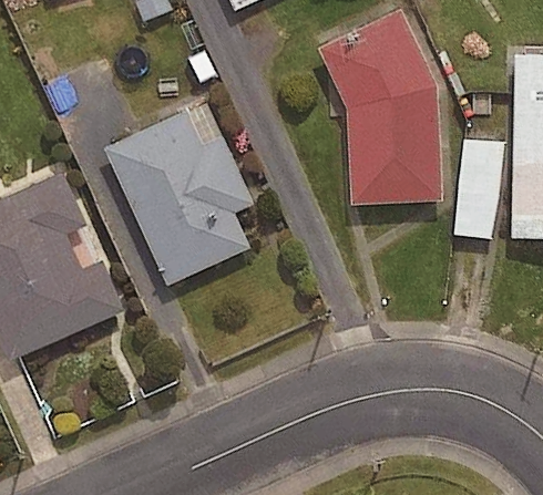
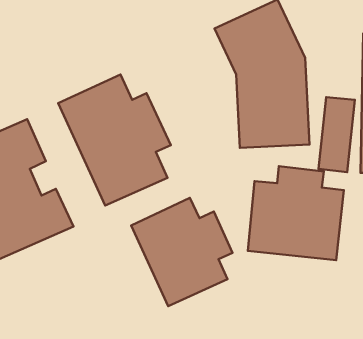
building: none -> [248,166,344,260]
building: none -> [131,198,232,306]

